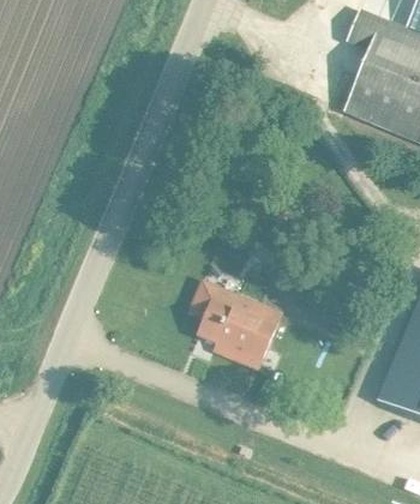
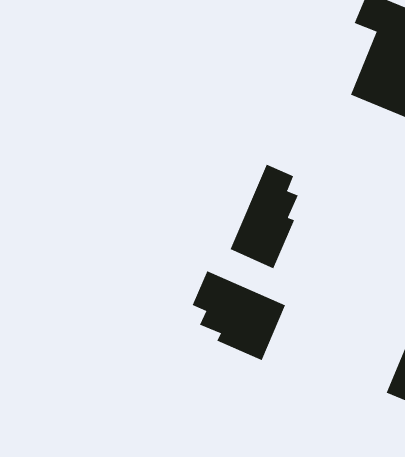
building: none -> [230,164,299,269]

